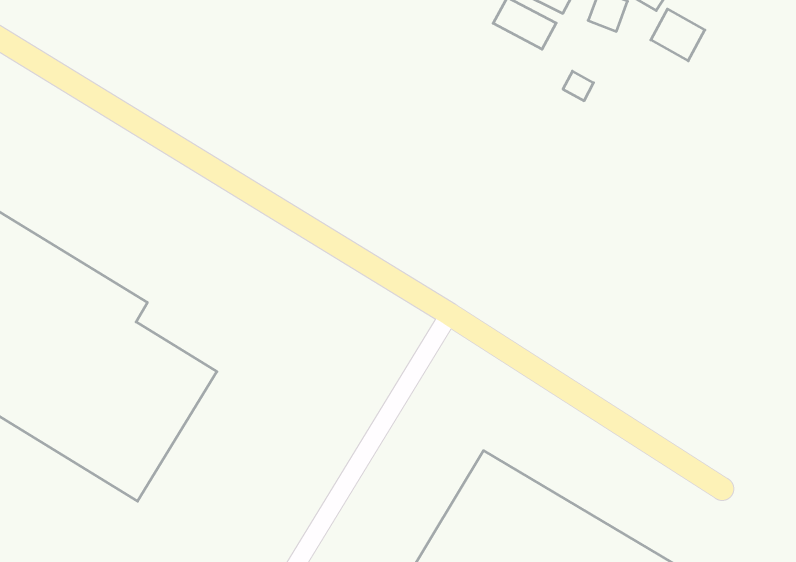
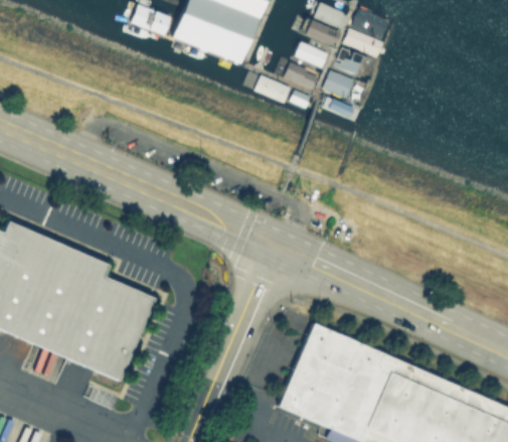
building: [651,9,705,61] -> [325,70,355,99]
building: none -> [257,78,293,103]

